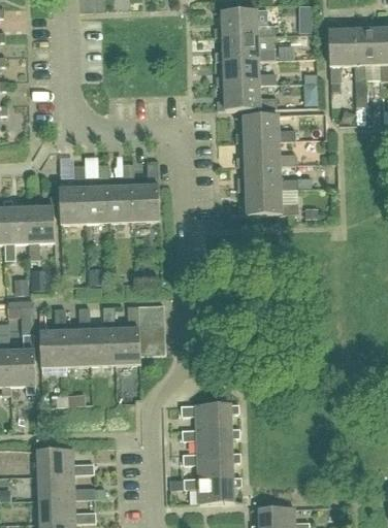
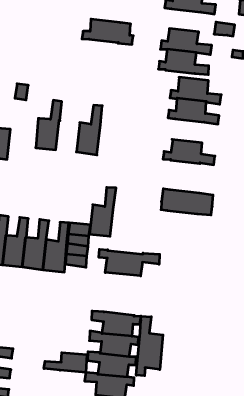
building: [215,35,274,61] -> [82,19,133,44]
building: [108,163,134,222] -> [89,187,116,236]
building: [236,164,297,190] -> [161,189,213,215]
building: [59,165,86,224] -> none
building: none -> [99,249,160,276]
building: none -> [136,316,163,376]
building: none -> [44,353,87,372]

